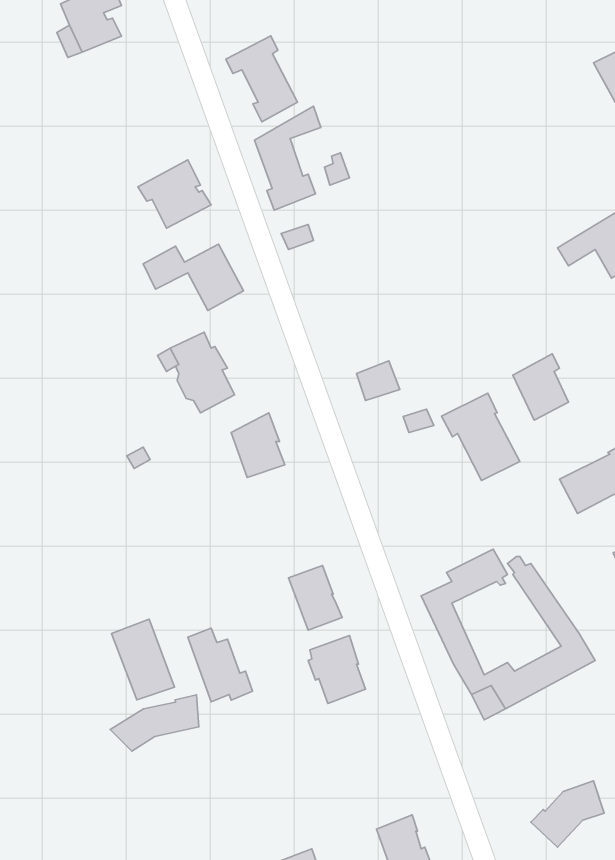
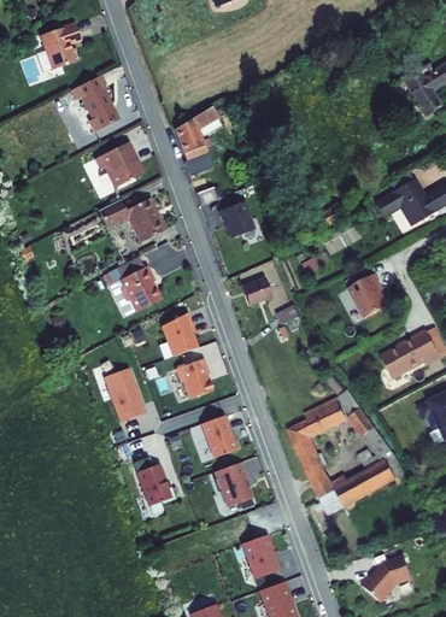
building: [226,36,298,122] -> [75,74,123,131]
building: none -> [217,202,253,240]
building: [442,393,520,481] -> none
building: none -> [175,357,211,396]
building: [112,619,174,700] -> [101,366,143,421]
building: [110,695,199,751] -> none
building: none -> [240,534,277,578]

